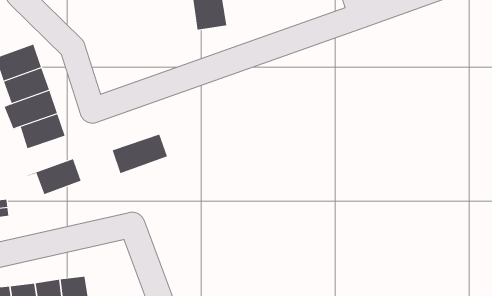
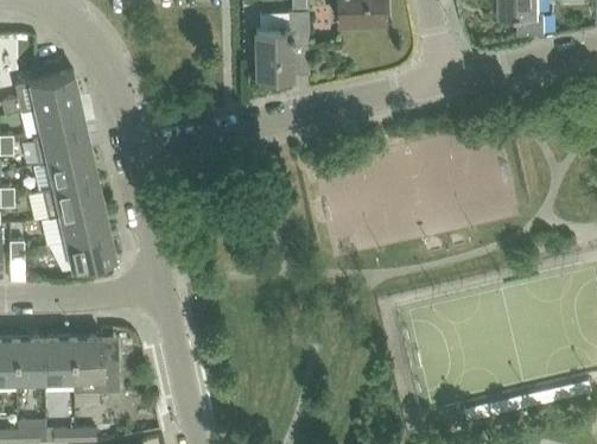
building: [112,134,168,174] -> [42,180,103,220]
building: none -> [65,233,116,271]

